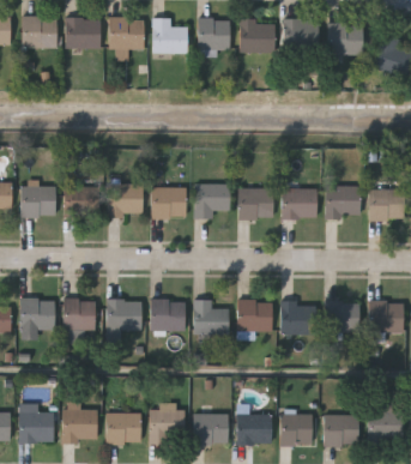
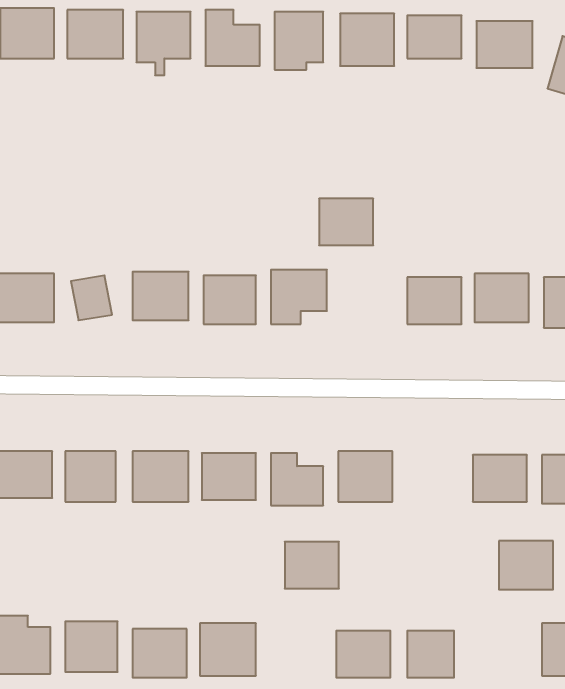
building: [238,188,273,218] -> [319,199,373,245]
building: [280,302,315,335] -> none
building: [193,414,228,444] -> [285,542,339,589]
building: [324,415,358,446] -> [499,541,553,590]

